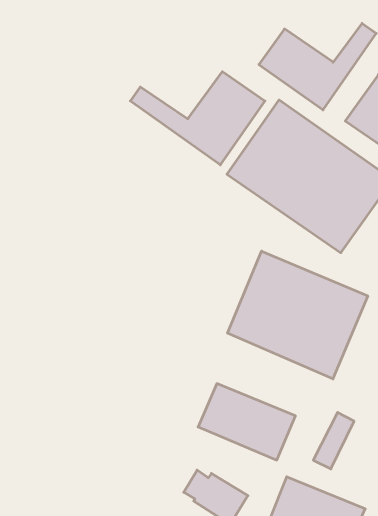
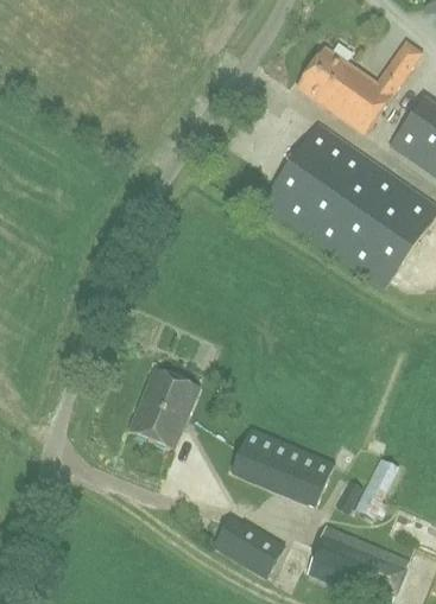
building: [130,72,265,165] -> none
building: [228,251,368,379] -> none
building: none -> [131,369,197,446]

